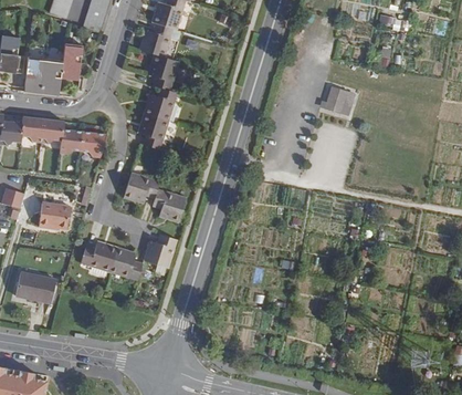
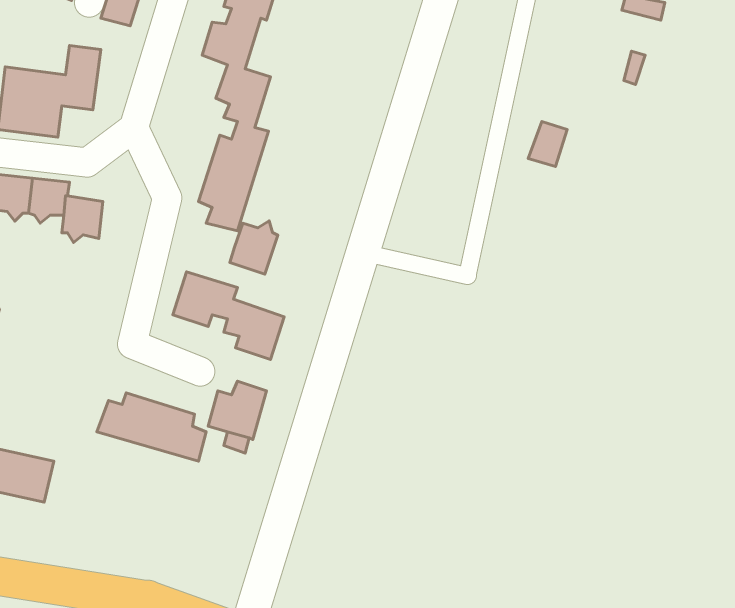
building: [82,132,107,158] -> none
building: none -> [230,221,278,274]
building: [40,202,71,229] -> none

